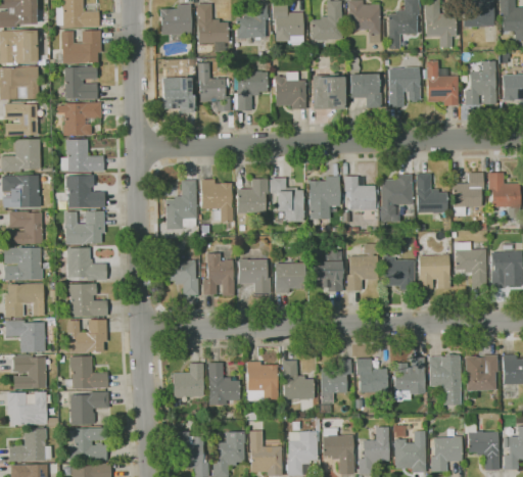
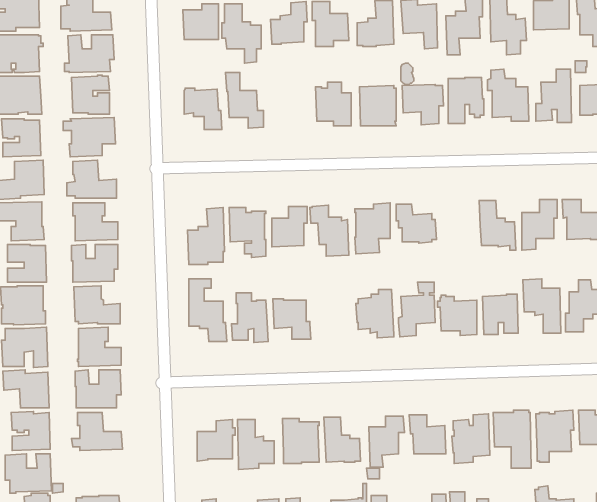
building: [236,70,268,111] -> none
building: [381,175,412,221] -> none
building: [275,263,305,293] -> none
building: [69,392,108,425] -> none

